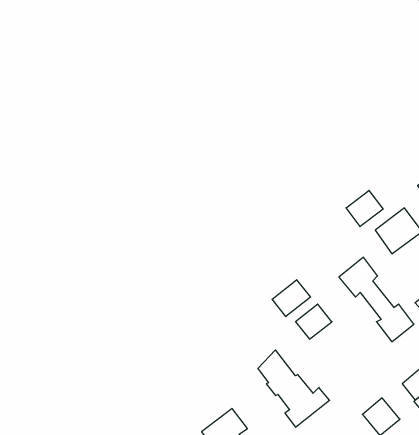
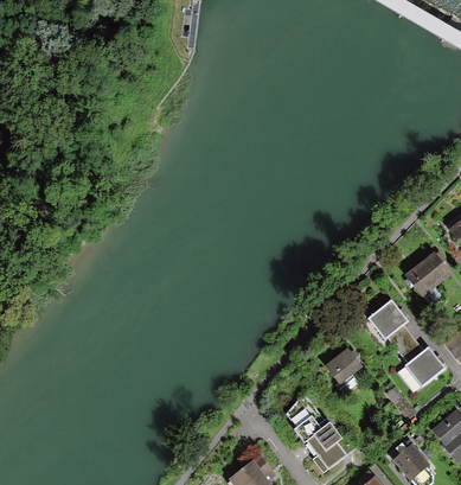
building: [346,190,383,227] -> none
building: [272,280,311,317] -> none

